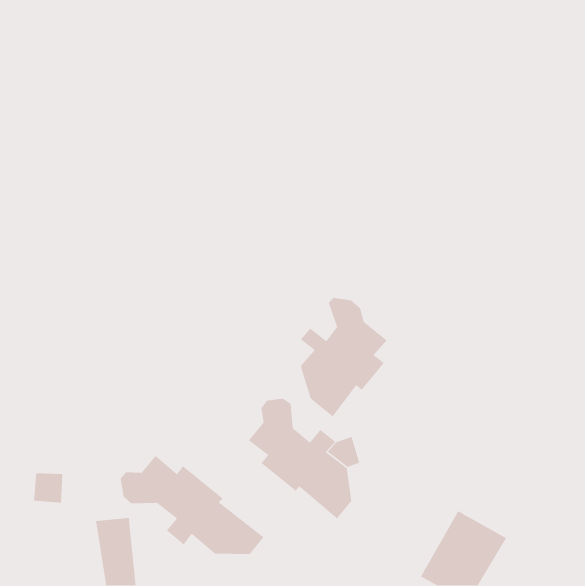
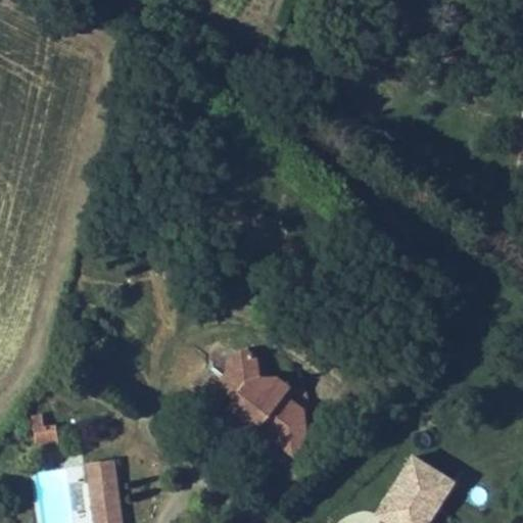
building: [300,297,388,418] -> none
building: [120,455,265,555] -> none

